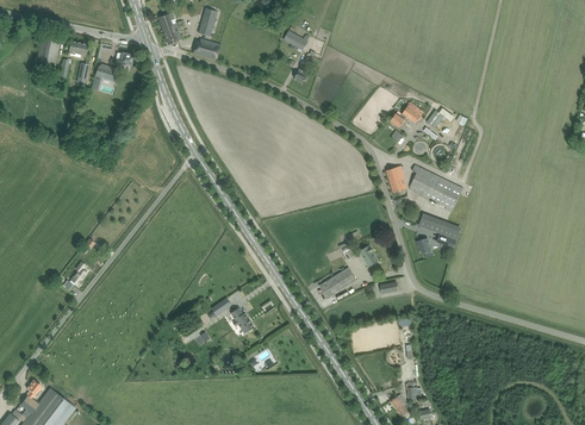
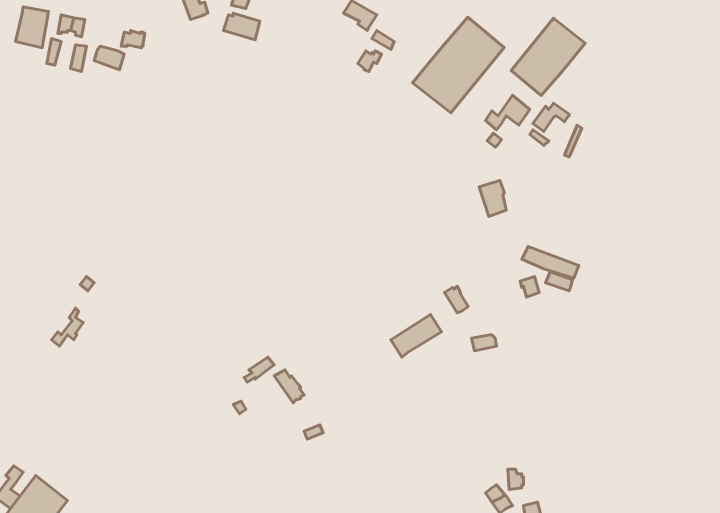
building: none -> [413,17,504,113]
building: none -> [511,18,585,96]
building: [409,165,462,211] -> none

